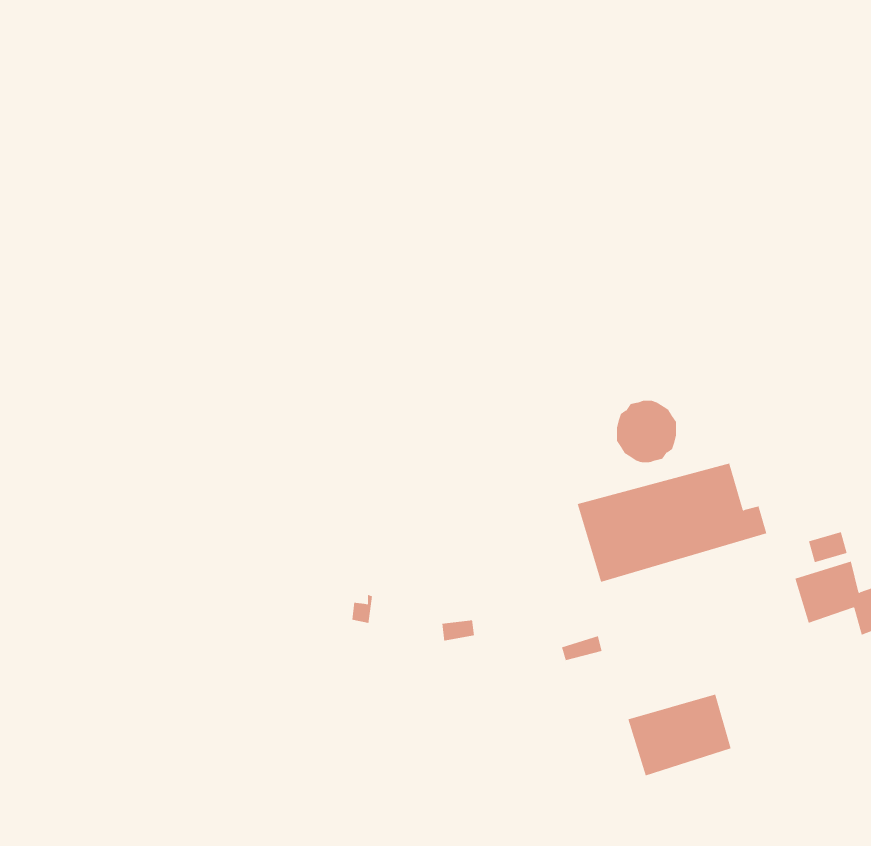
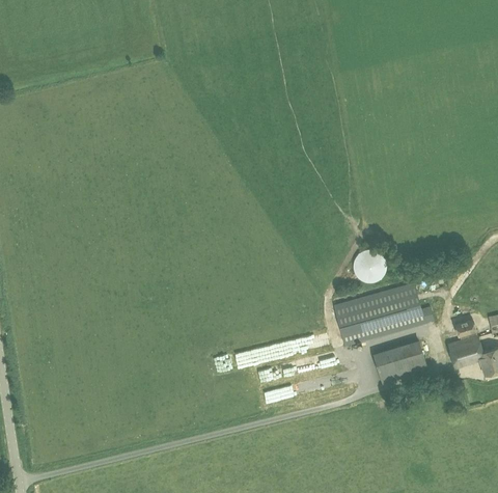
building: [628,694,731,776] -> [371,339,426,383]

